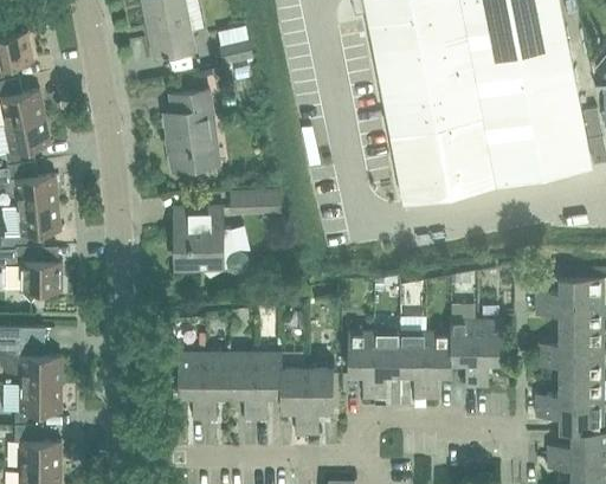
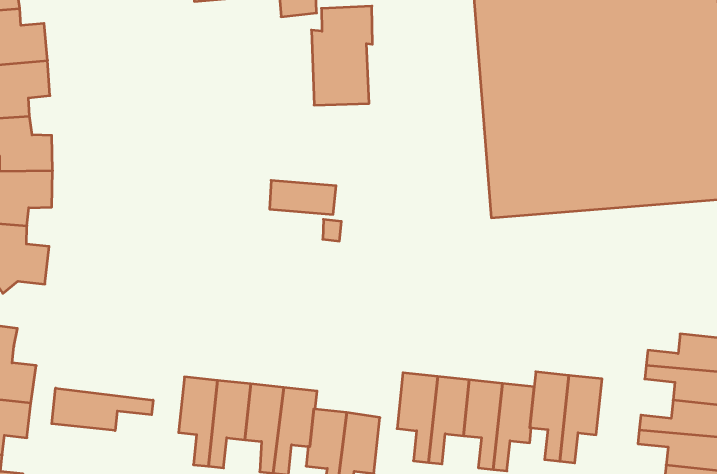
building: [165,91,215,173] -> [311,6,372,105]
building: [176,211,249,275] -> none
building: none -> [52,388,153,431]

